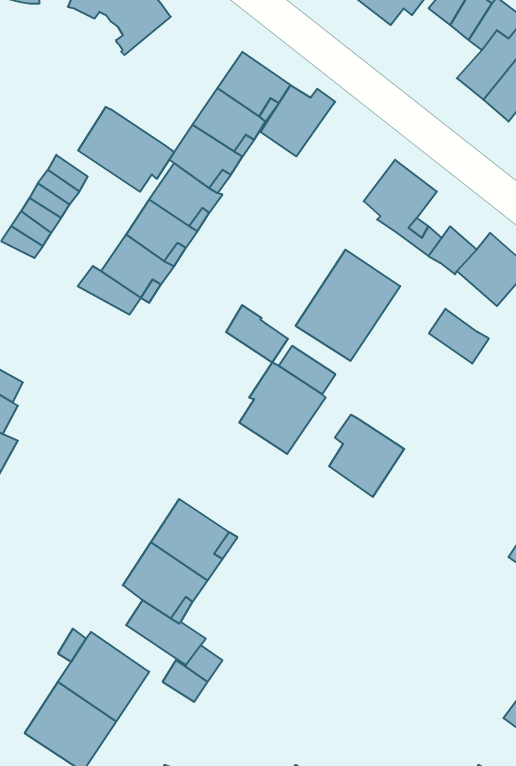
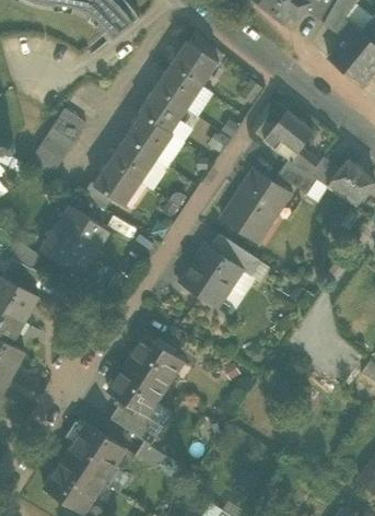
building: [260,85,335,156] -> none
building: [78,107,174,192] -> none
building: none -> [45,207,110,274]
building: [226,305,288,363] -> none
building: [429,309,489,364] -> [278,160,317,196]
building: [329,415,404,497] -> none

